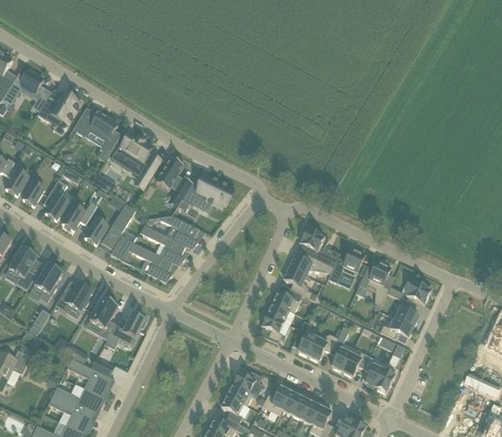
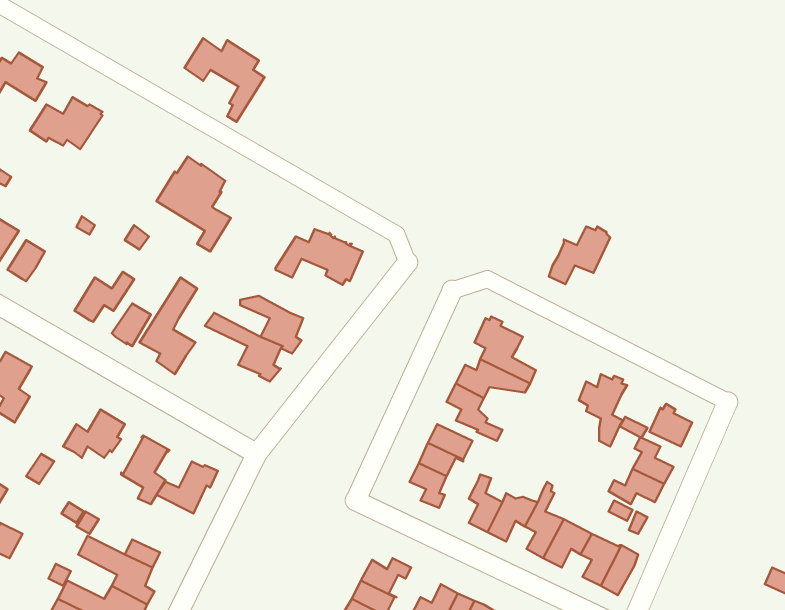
building: [73,111,121,160] -> [184,38,264,122]
building: [156,158,192,198] -> none
building: [45,179,69,220] -> none
building: [129,242,173,282] -> none
building: [328,249,365,283] -> [549,226,610,284]
building: [34,263,62,302] -> none

